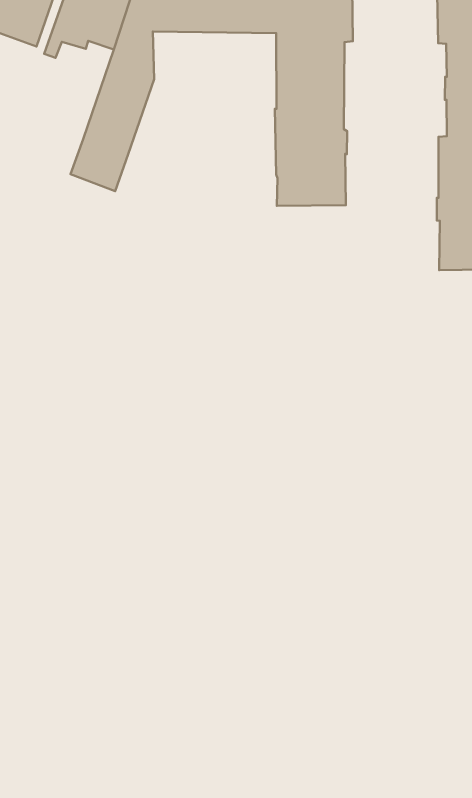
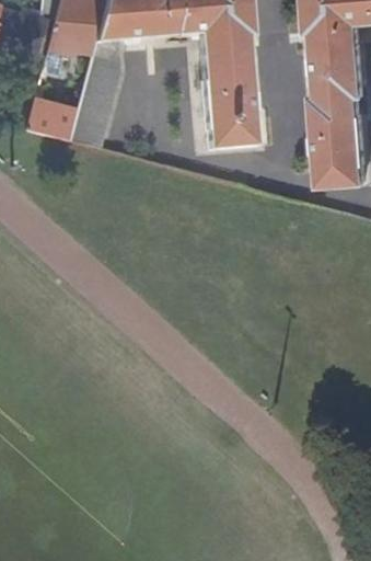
building: none -> [26,102,76,138]

